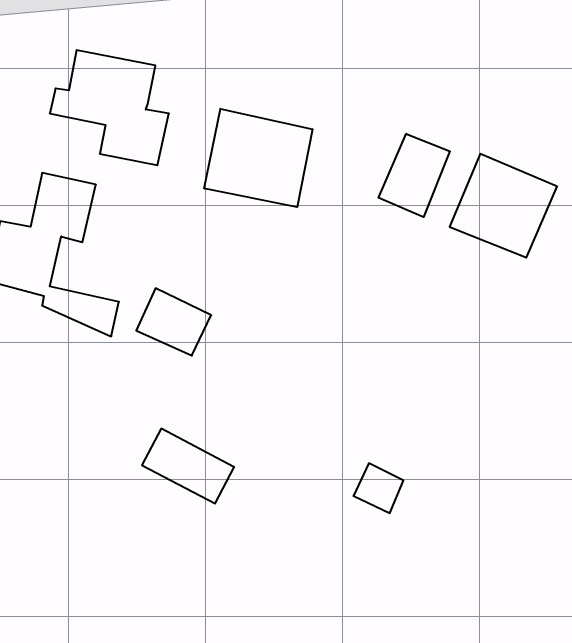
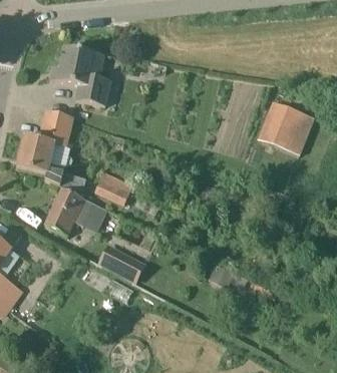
building: [204,109,312,207] -> none
building: [379,134,450,217] -> none
building: none -> [44,178,107,235]

